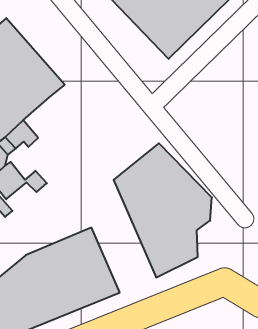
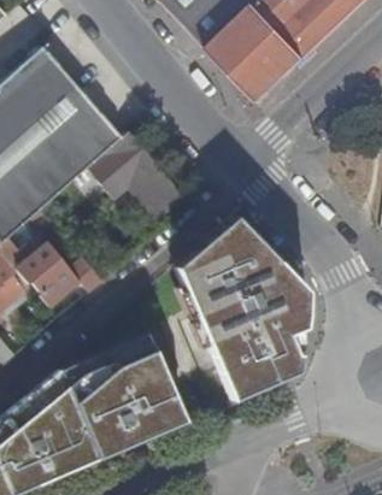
building: none -> [96,132,165,205]

